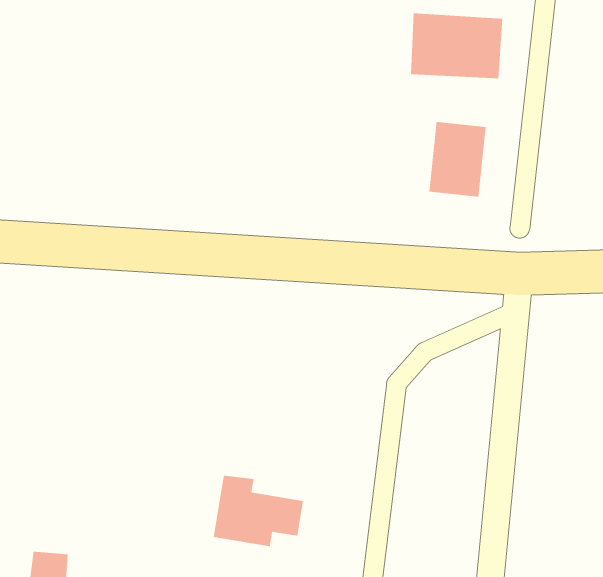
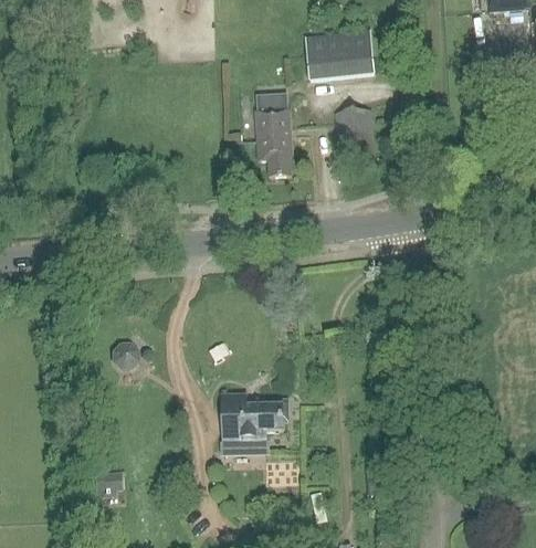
building: none -> [256,92,292,176]
building: none -> [111,341,139,369]

